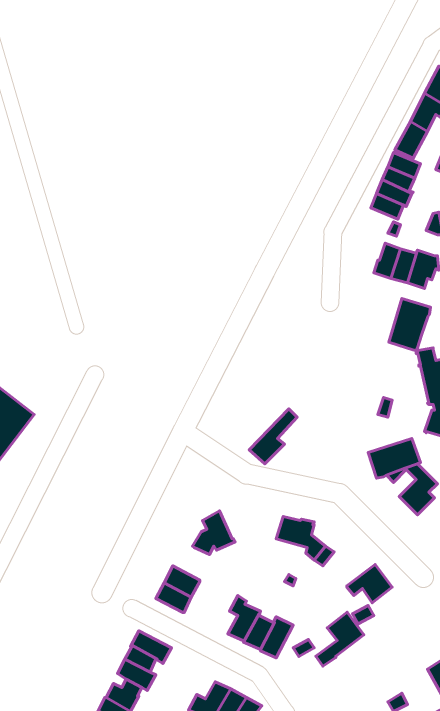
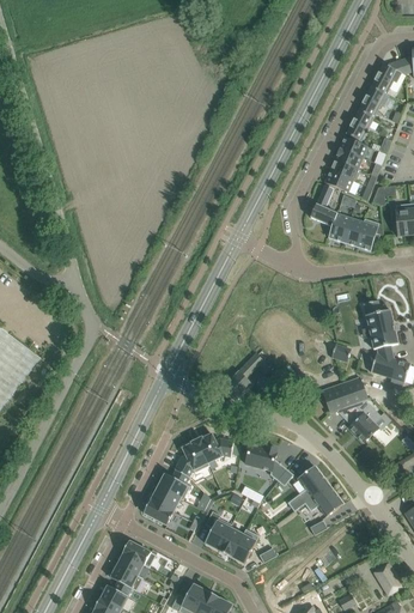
building: none -> [311,184,337,226]
building: [389,298,430,351] -> none
building: none -> [197,432,235,462]
building: none -> [158,469,190,499]
building: [316,612,364,666] -> [288,465,329,510]

